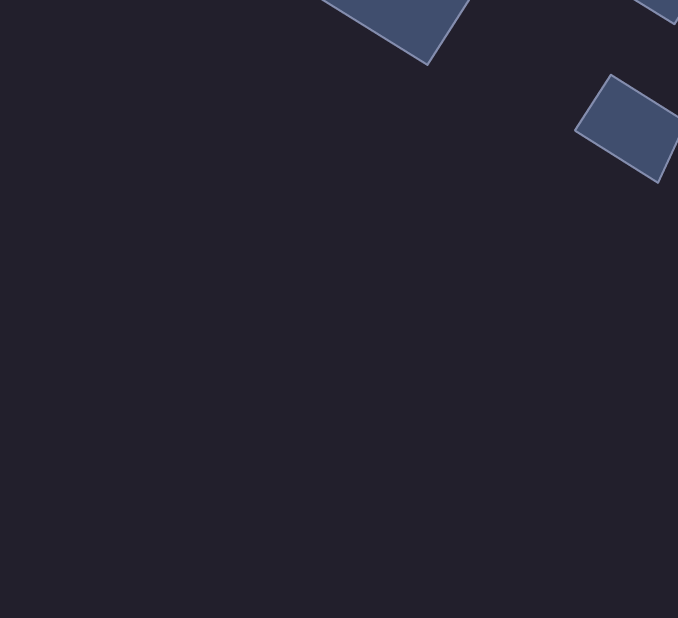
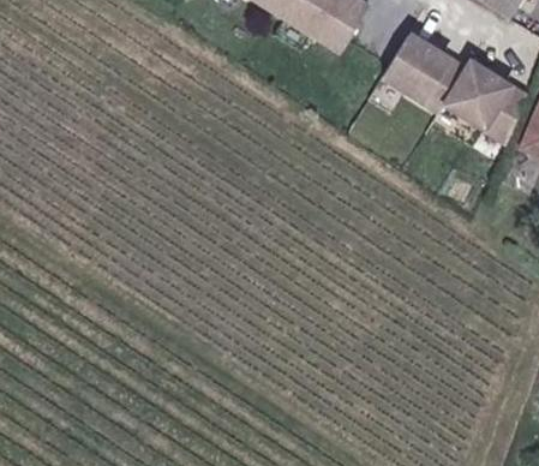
building: none -> [379,31,463,108]

